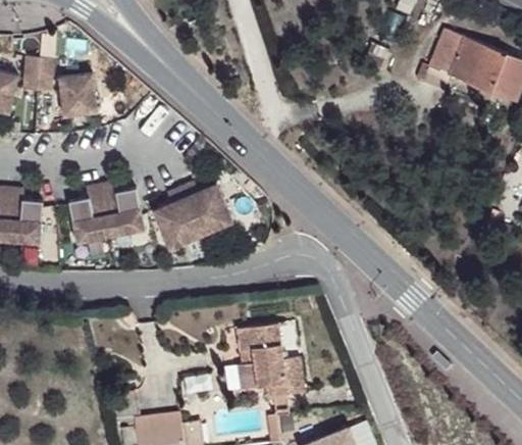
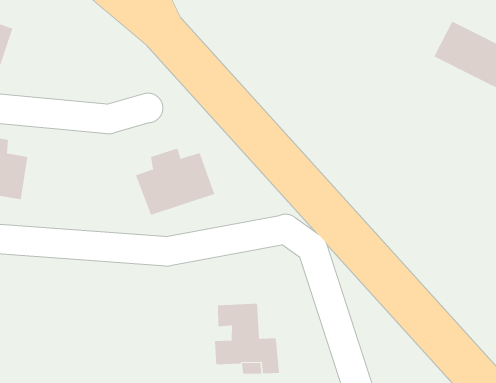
building: [20,57,51,93] -> none
building: [58,73,95,117] -> none
building: [66,178,142,243] -> none

